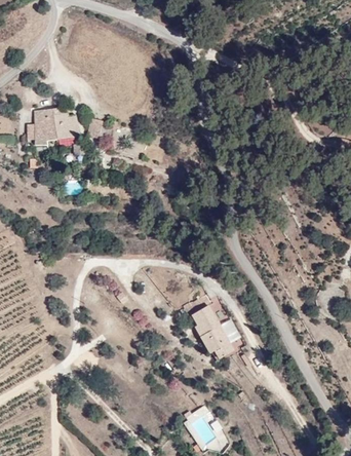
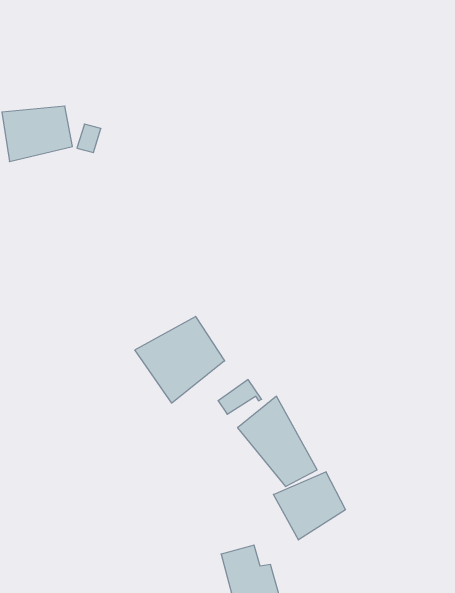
building: none -> [135,316,225,403]
building: none -> [273,472,345,540]

